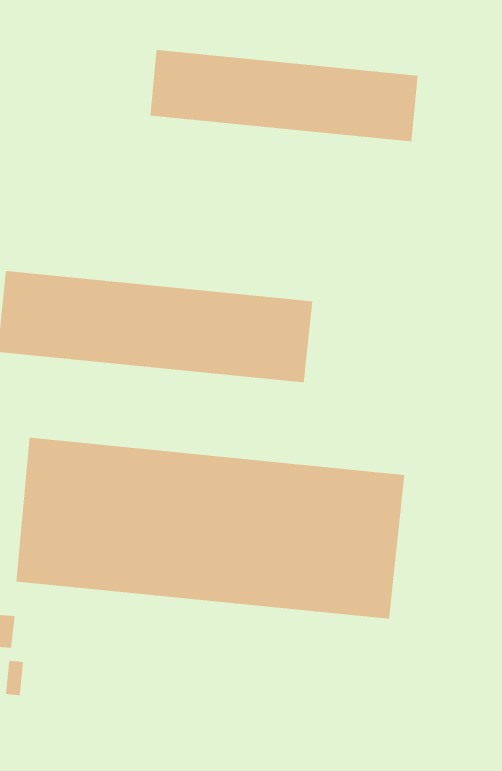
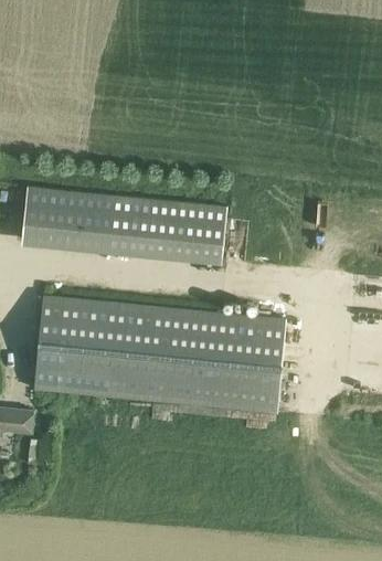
building: [150,49,418,142] -> none

